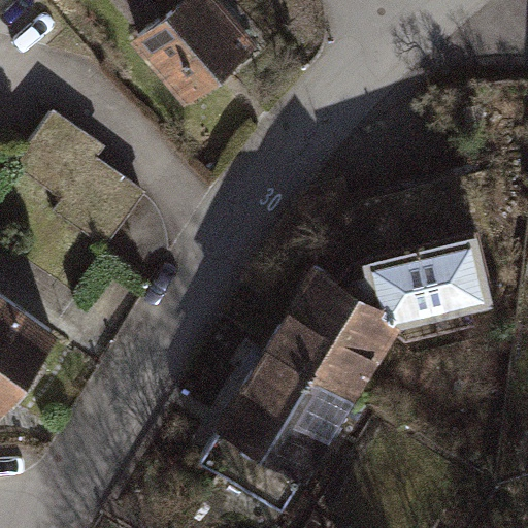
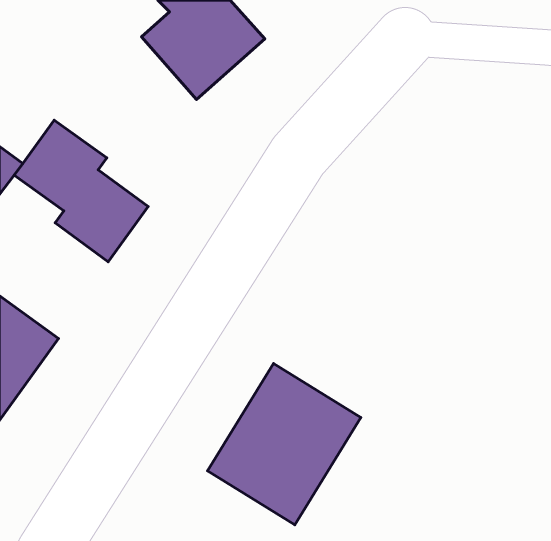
building: [261,236,493,409] -> none

